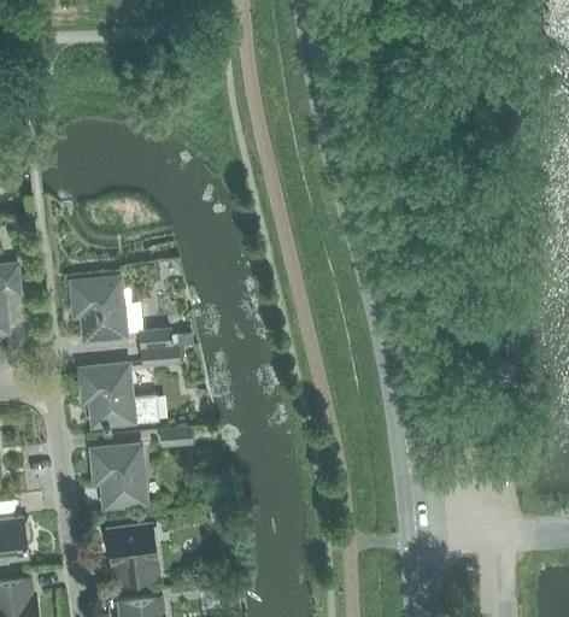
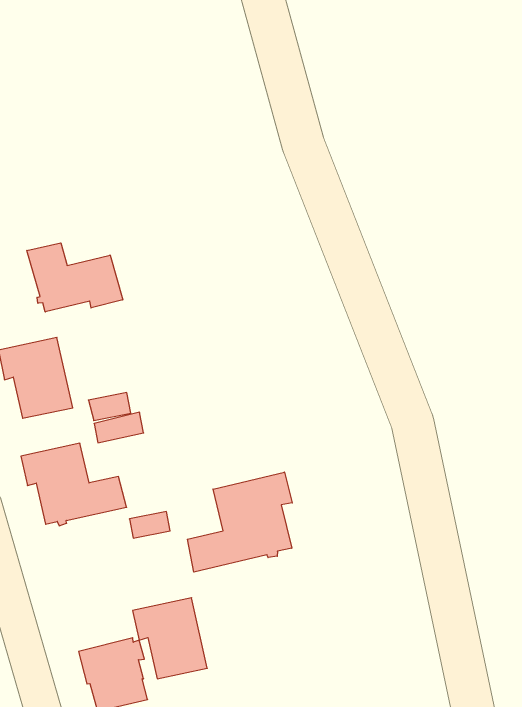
building: none -> [27,243,123,312]
building: none -> [187,472,292,572]
building: [92,445,146,506] -> [133,598,207,679]

